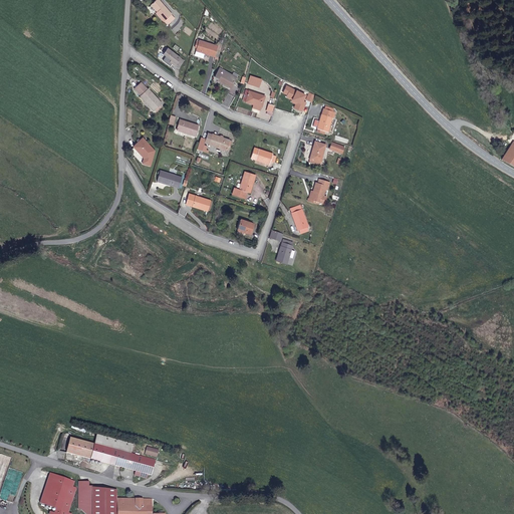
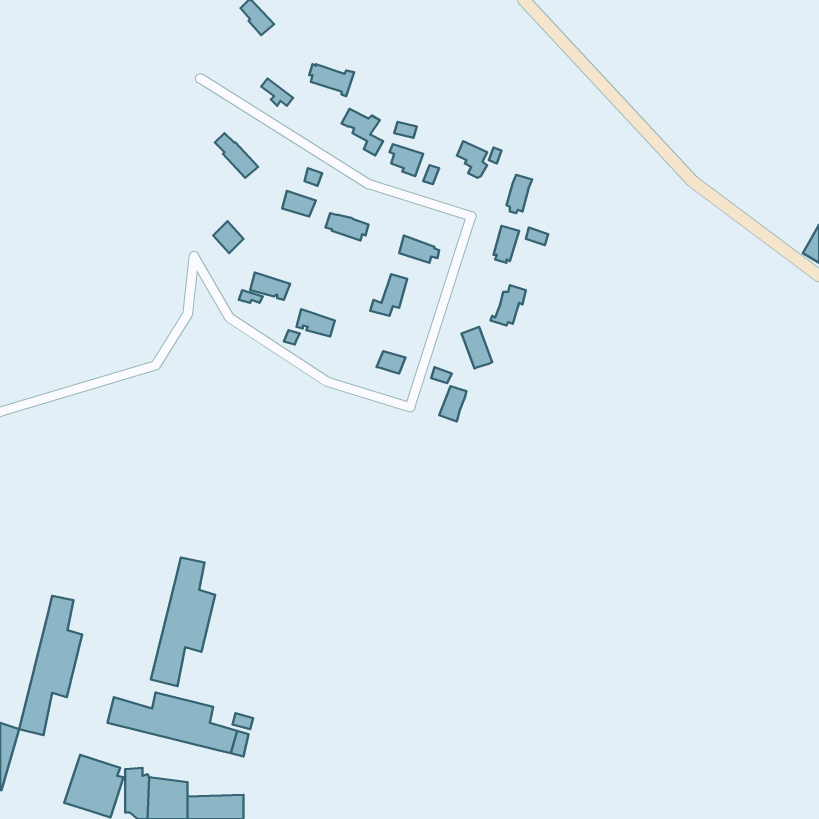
building: none -> [151,557,215,686]
building: none -> [19,596,82,735]

